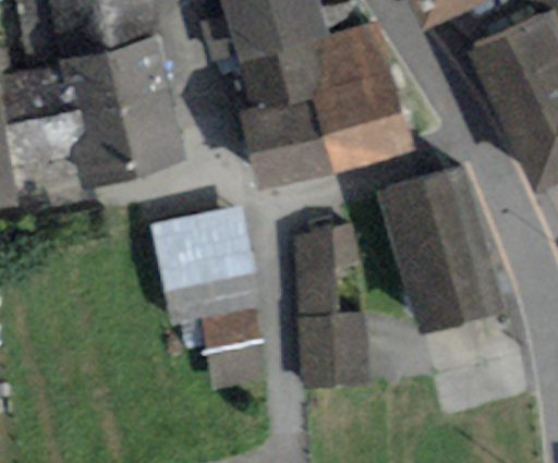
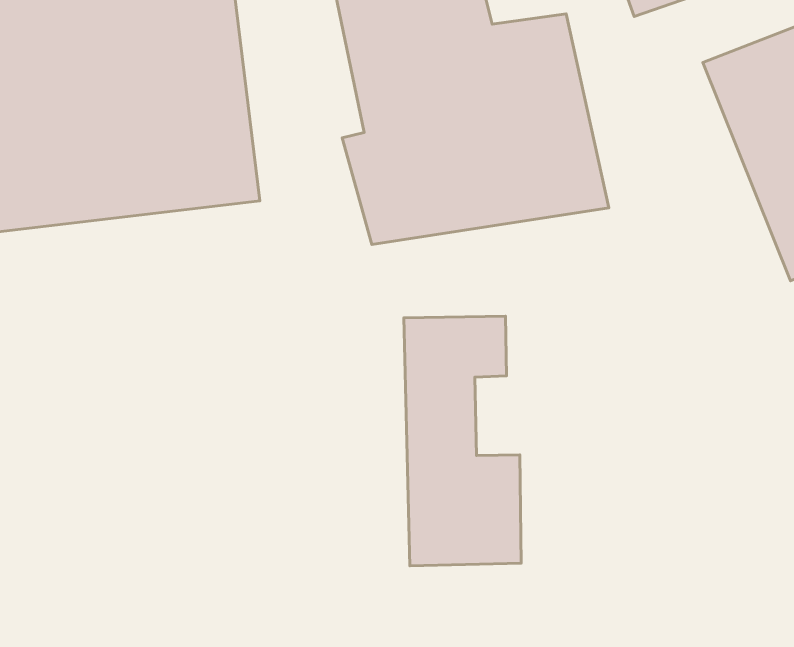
building: [377,166,504,332] -> none
building: [158,207,275,388] -> none

